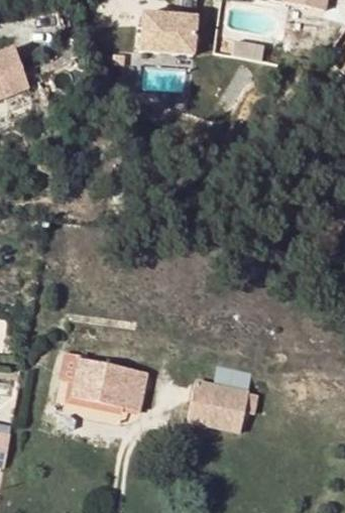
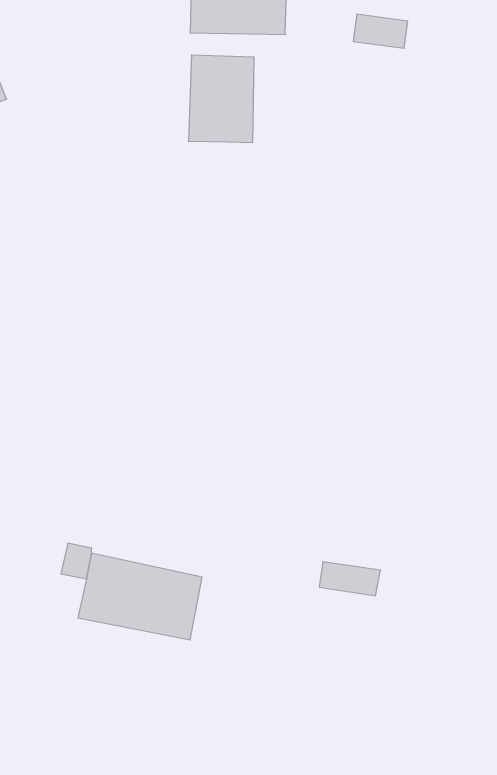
building: none -> [189,55,254,143]
building: [189,381,248,432] -> none

